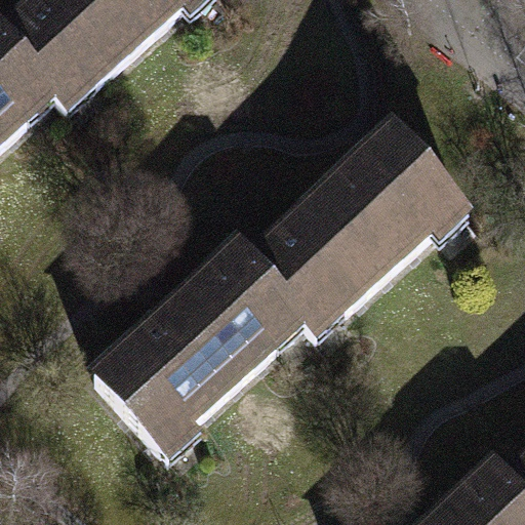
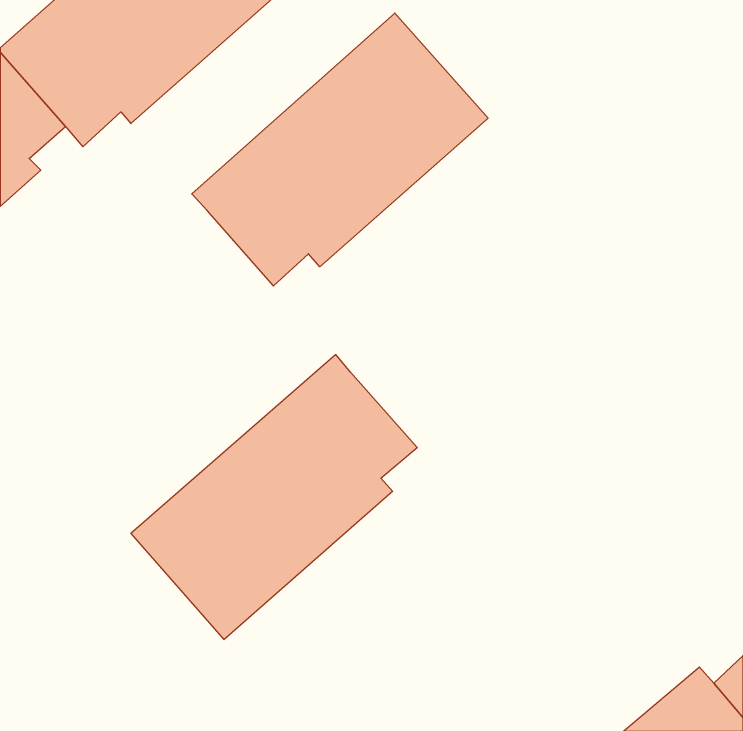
building: none -> [192,13,488,286]
building: [247,134,459,329] -> none

